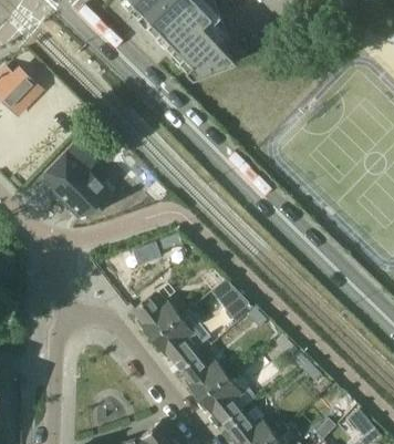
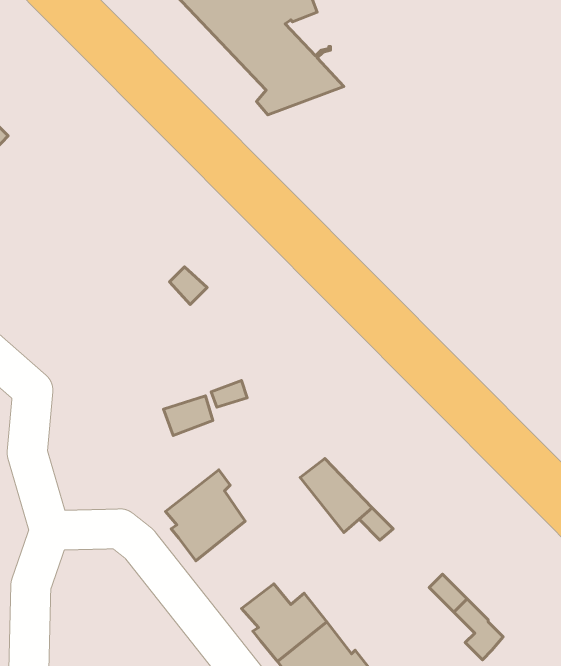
building: [44,136,114,218] -> none
building: [152,317,197,368] -> none

